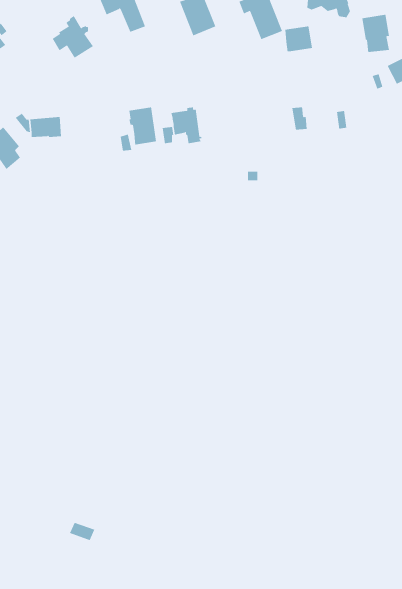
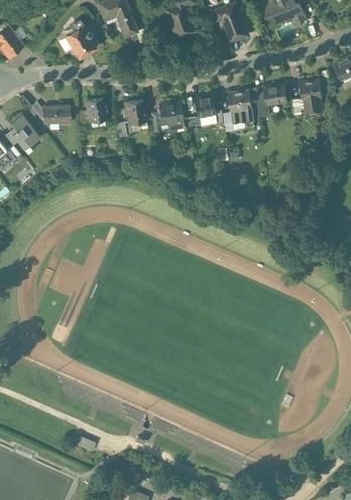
building: [361,14,390,53] -> [300,79,323,110]
building: [284,26,313,52] -> [264,84,287,105]
building: none -> [229,89,253,121]
building: none -> [194,94,217,115]
building: none -> [85,96,106,119]

